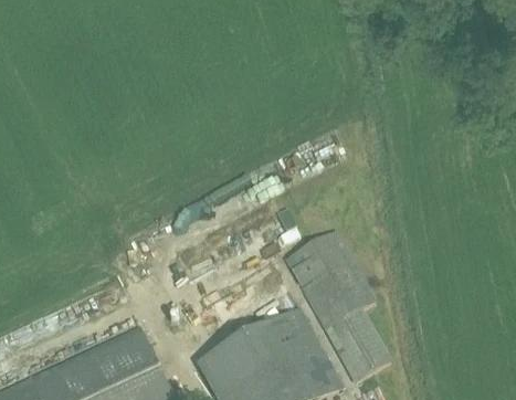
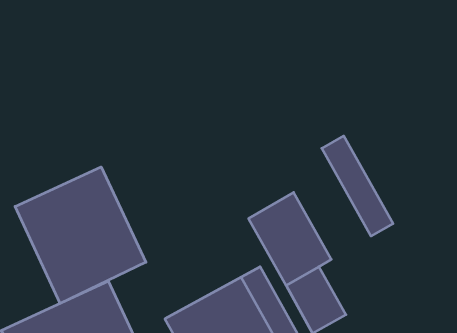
building: none -> [322,136,393,236]
building: none -> [15,167,146,303]

